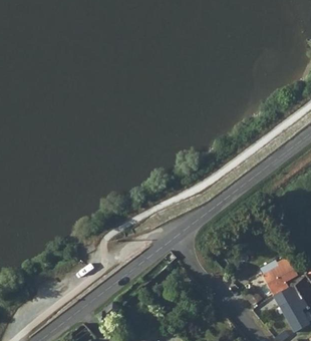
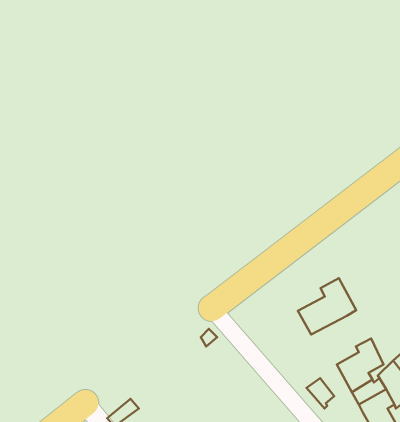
building: none -> [298,278,356,335]

